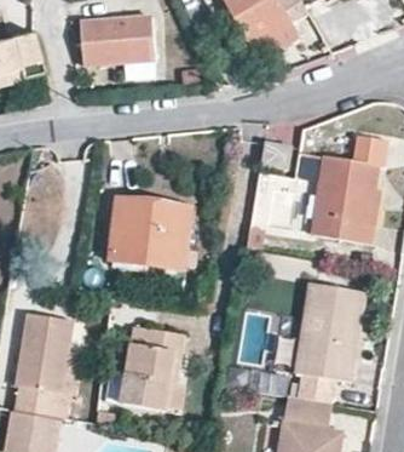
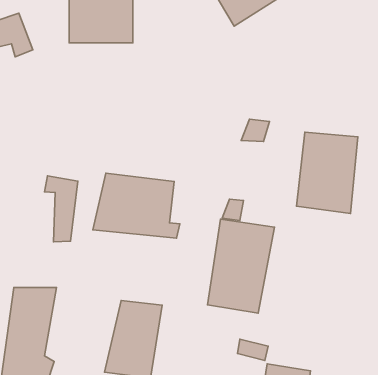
building: none -> [45,176,78,242]
building: [295,284,364,381] -> [207,219,275,313]

